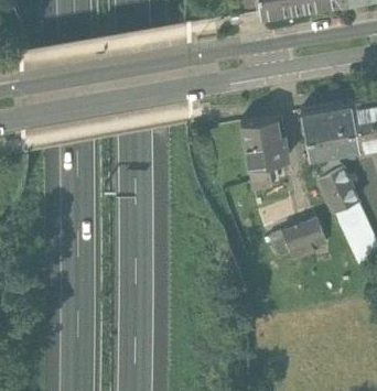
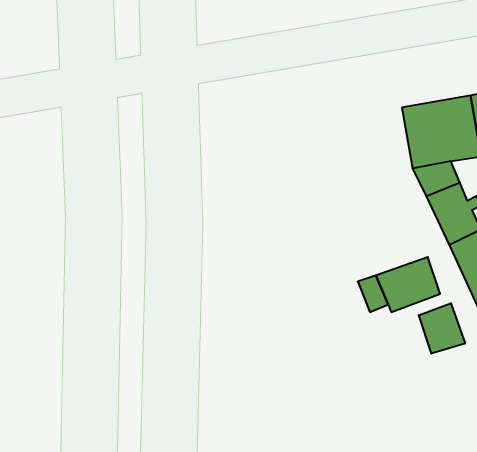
building: [240,117,288,189] -> none
building: none -> [419,303,465,354]

